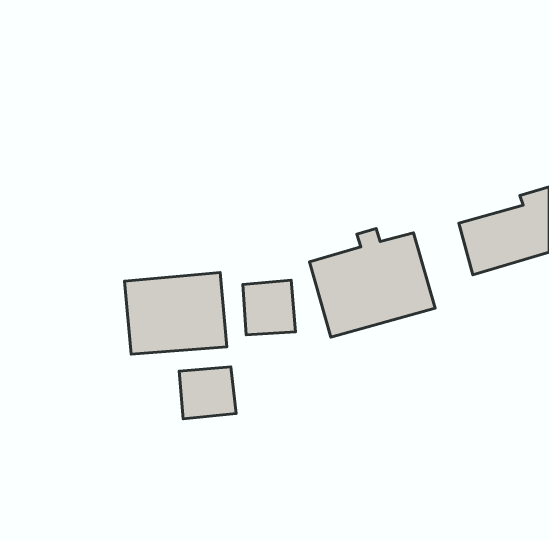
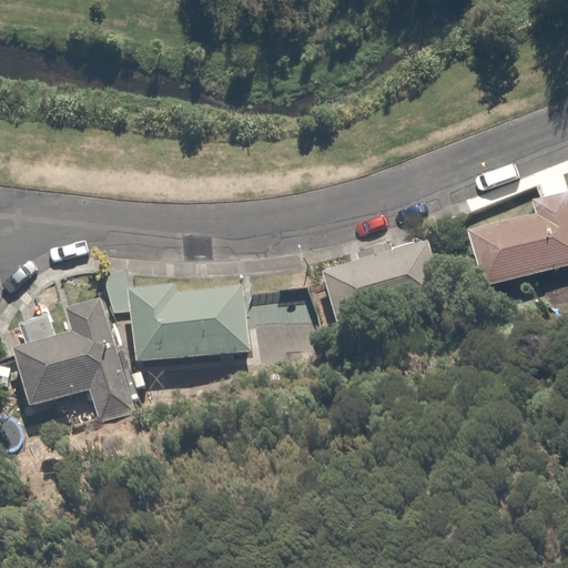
building: none -> [12,287,135,432]
building: [179,367,236,419] -> none

